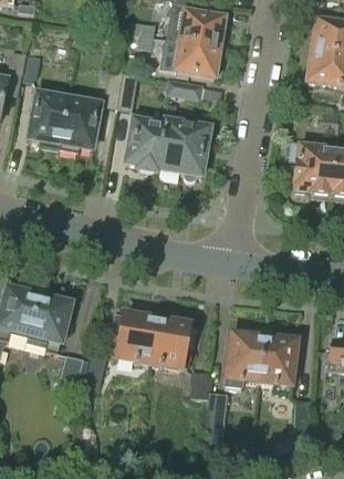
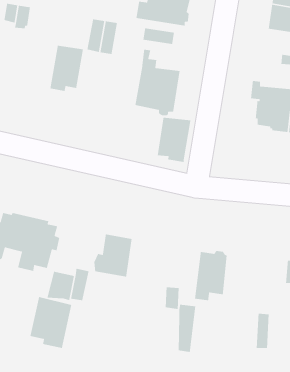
building: [29,91,70,147] -> none
building: [126,117,165,169] -> [157,117,191,163]
building: [148,316,191,367] -> none
building: [258,332,298,393] -> none
building: none -> [29,296,72,349]

